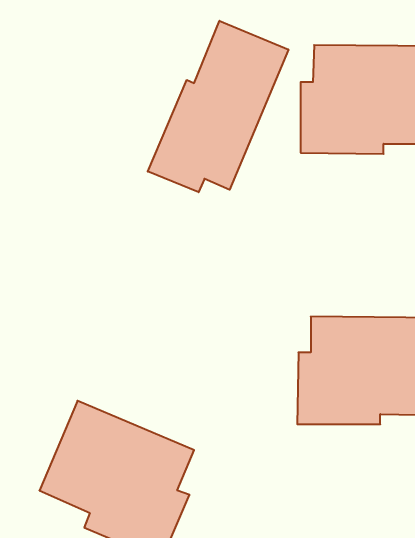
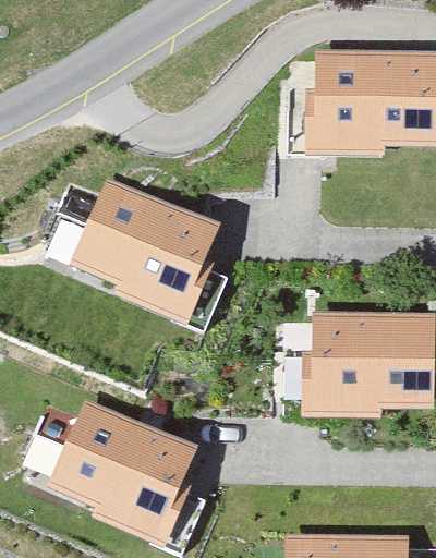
building: [148,21,288,192] -> none
building: none -> [69,172,220,327]

